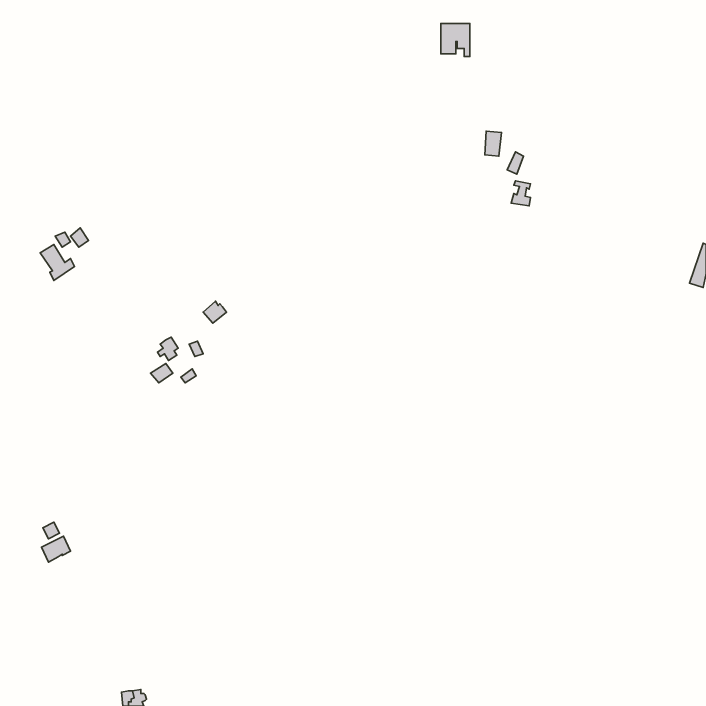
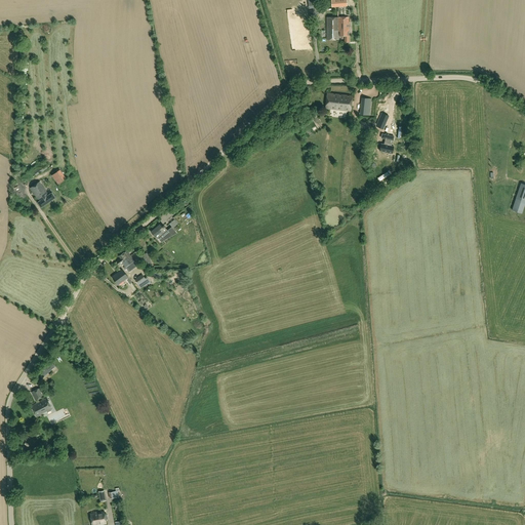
building: none -> [325,92,353,112]

